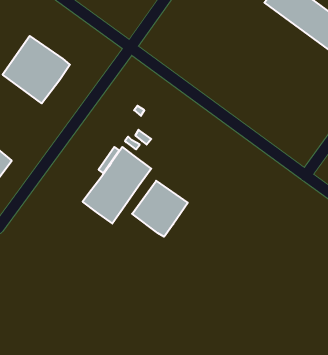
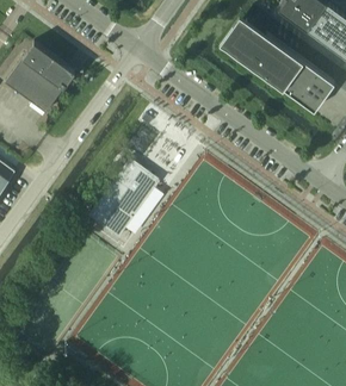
building: none -> [220,15,335,113]
building: [132,181,188,237] -> none

